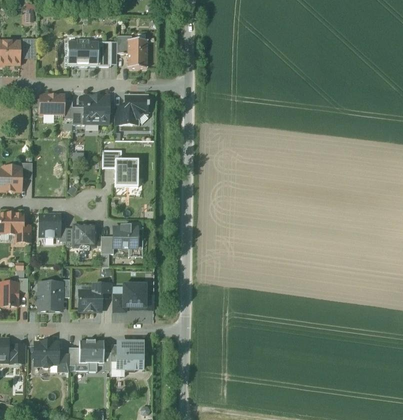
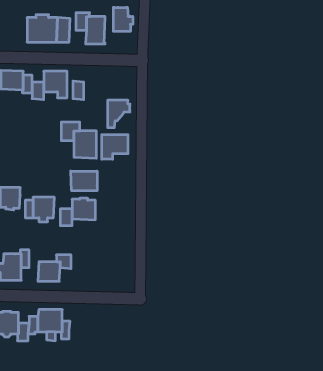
building: none -> [113,7,133,31]
building: [125,96,148,124] -> [108,100,130,128]
building: none -> [102,135,128,159]
building: none -> [71,171,97,191]
building: [121,282,147,308] -> none
building: [116,341,142,370] -> none

